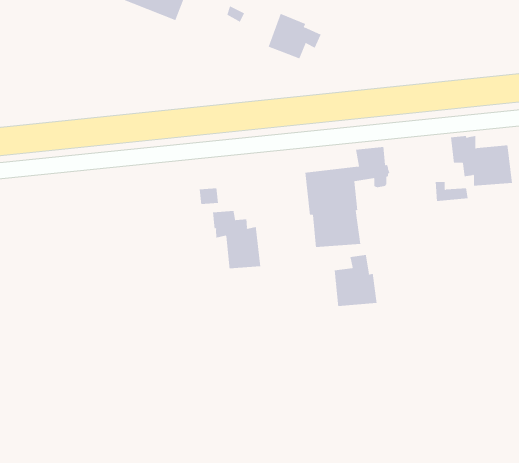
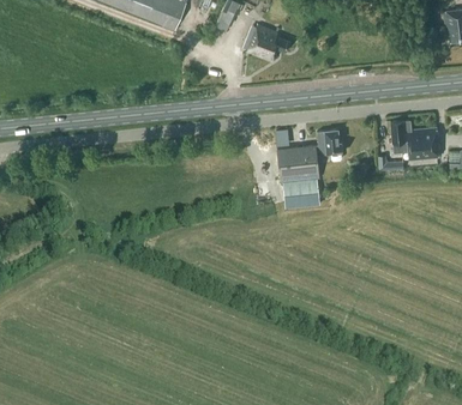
building: [212,210,261,269] -> none
building: [334,254,377,307] -> none

